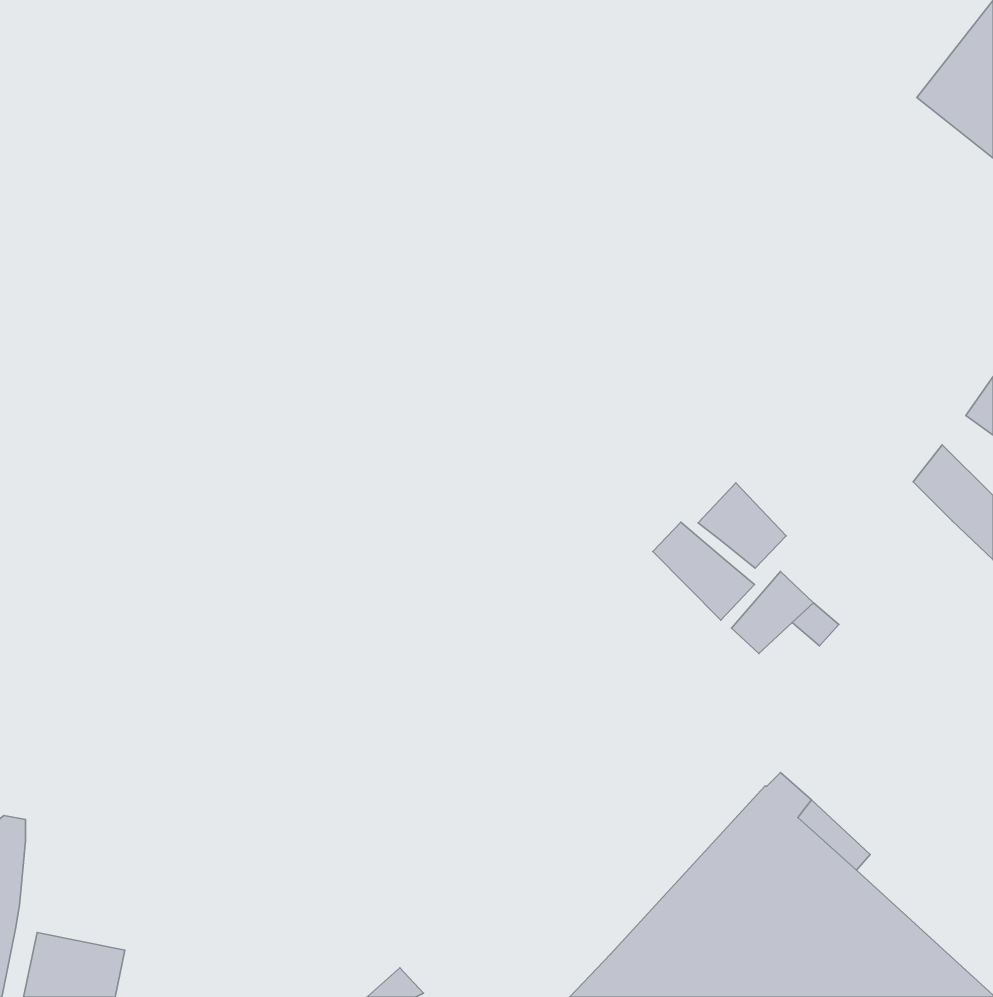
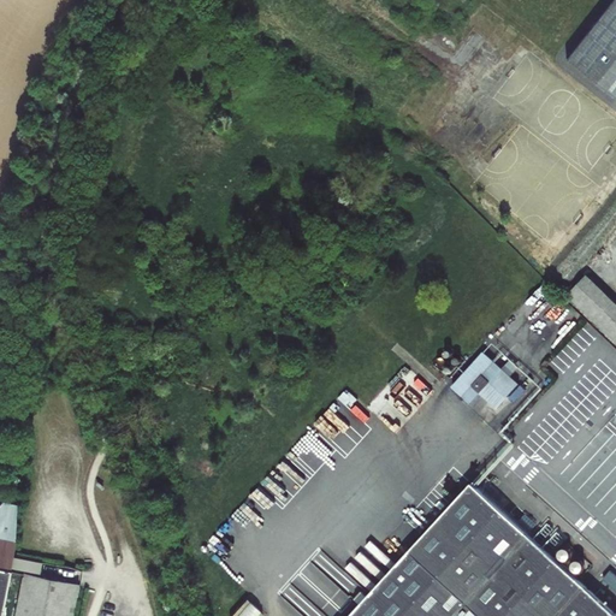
building: [698,483,786,568] -> none
building: [653,522,755,620] -> none

